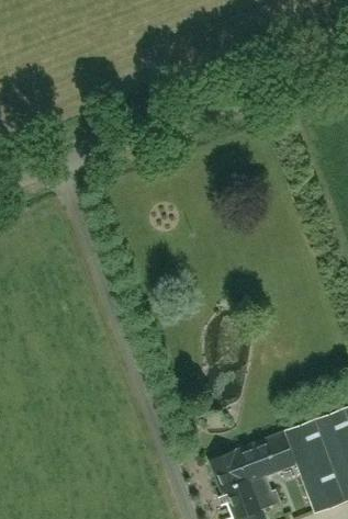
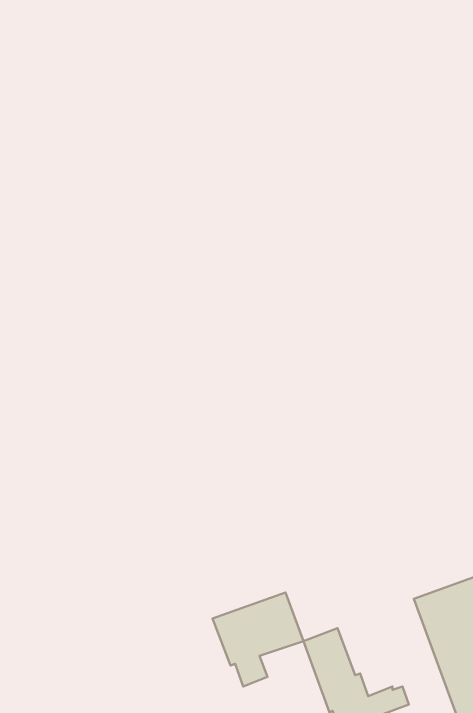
building: [233,433,294,497] -> [212,592,303,687]

